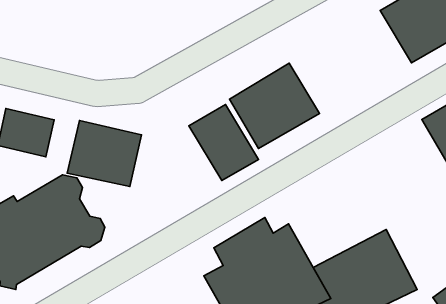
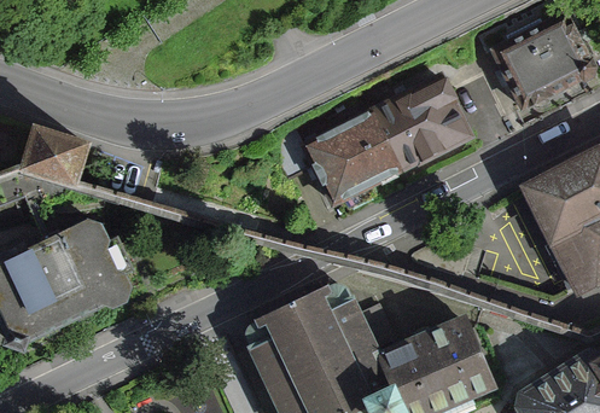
building: none -> [373,69,476,167]
building: [189,105,258,181] -> none
building: [67,120,142,187] -> none

